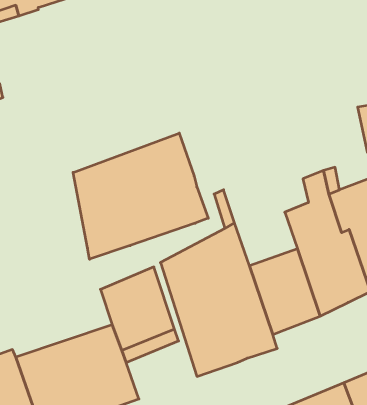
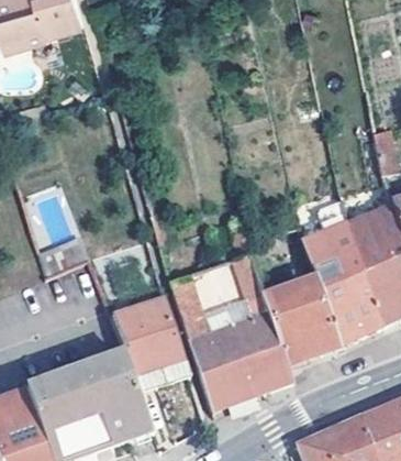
building: [73,133,208,259] -> none

